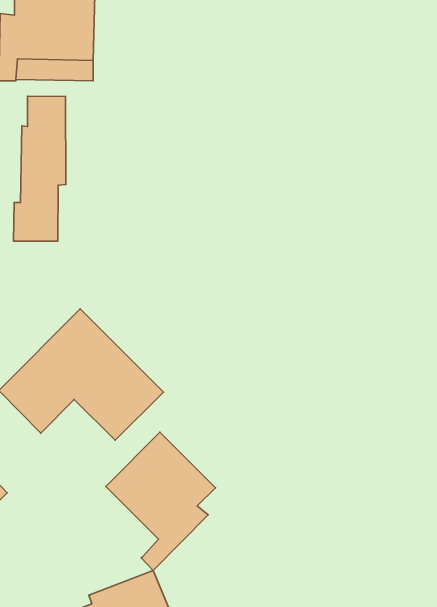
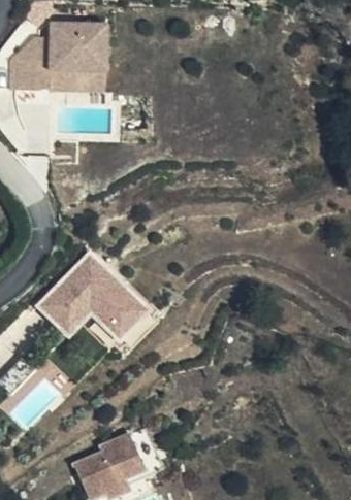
building: [13,96,66,241] -> none
building: [106,432,215,570] -> none

